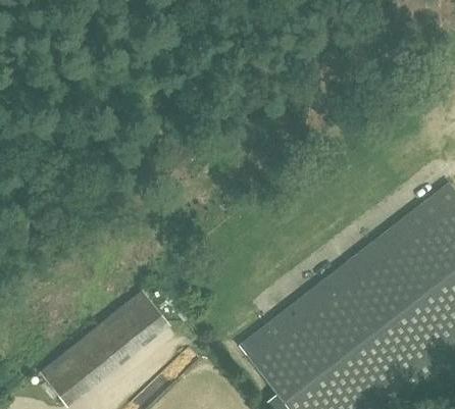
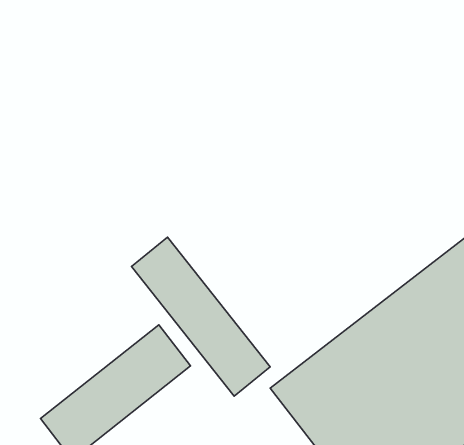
building: none -> [131,237,270,396]

